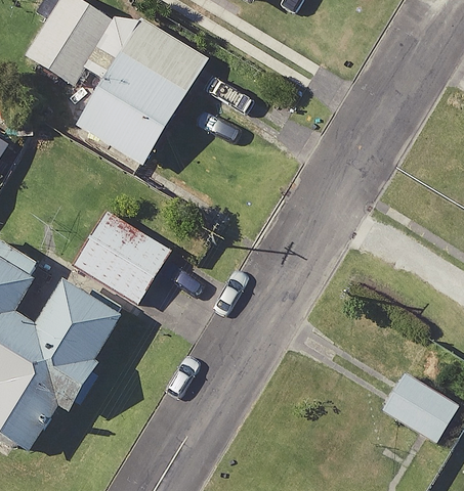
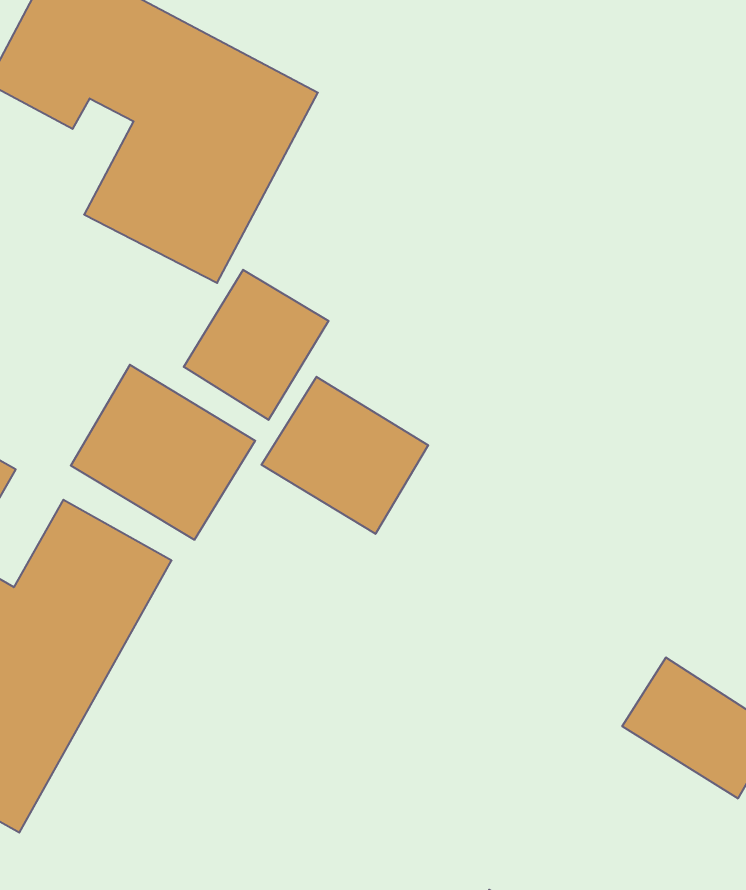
building: none -> [184,270,329,420]
building: none -> [261,377,428,534]

